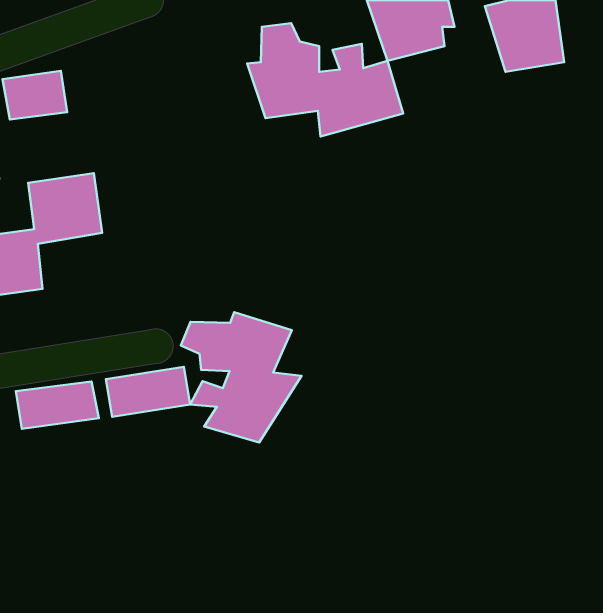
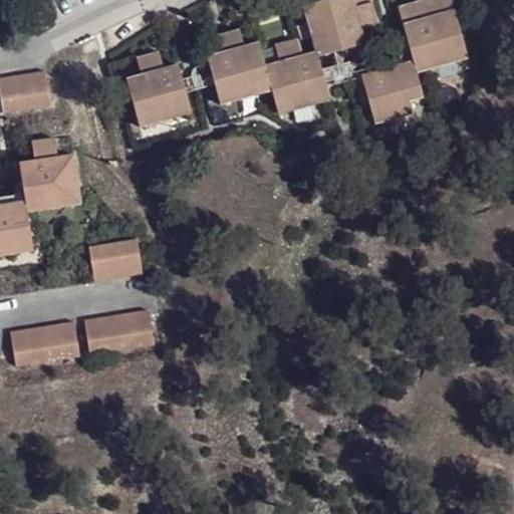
building: none -> [133,55,195,124]
building: none -> [366,67,429,124]
building: none -> [90,239,145,279]
building: [181,312,301,442] -> none

